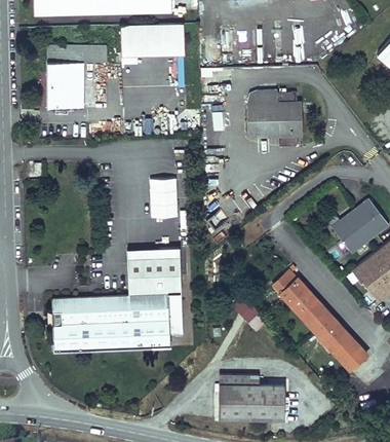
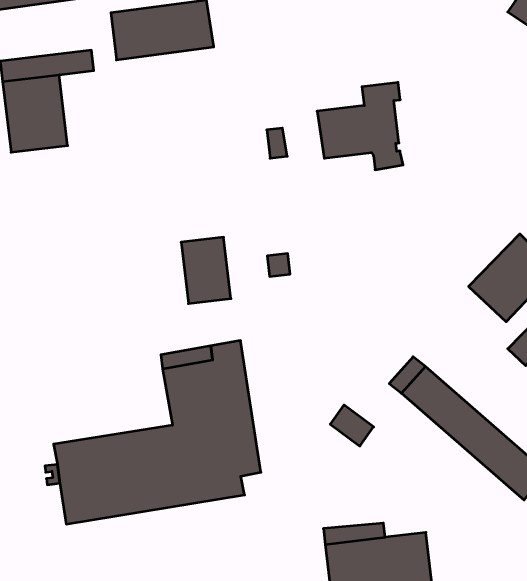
building: [246,90,277,105] -> none

